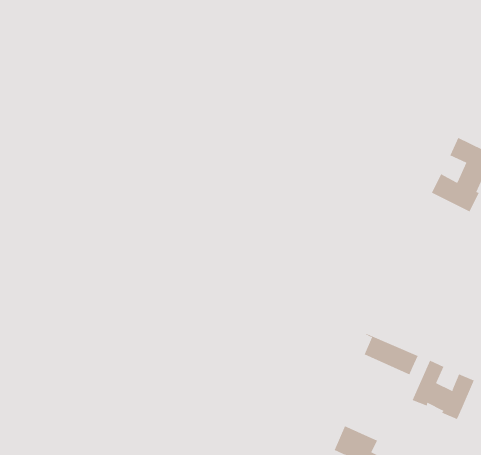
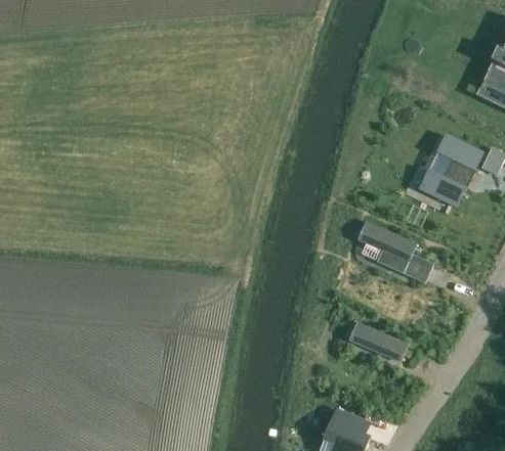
building: none -> [360,220,431,273]
building: [412,360,475,420] -> none

